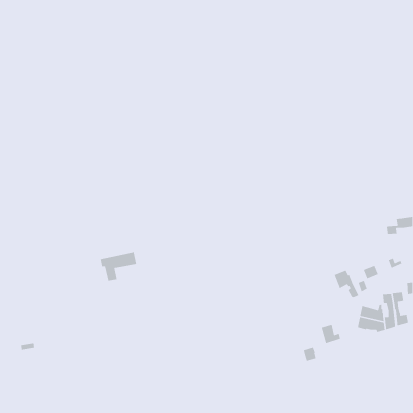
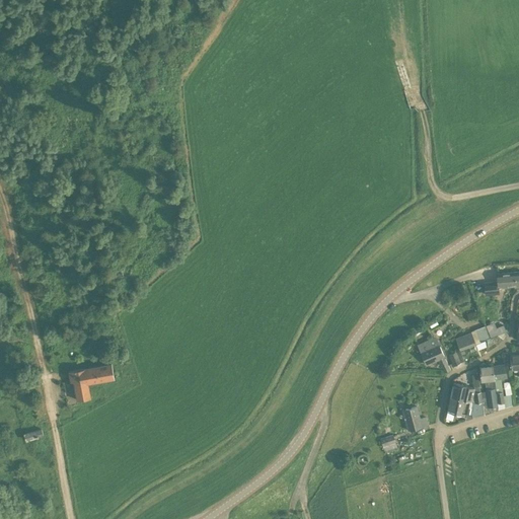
building: [100,252,137,282] -> [67,363,114,400]

